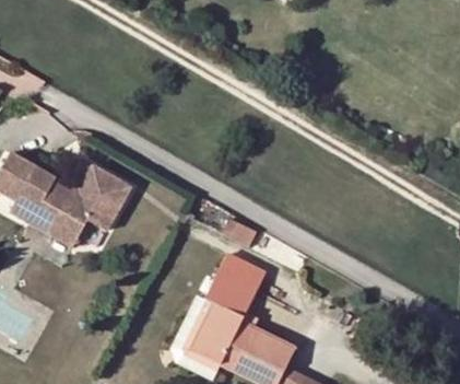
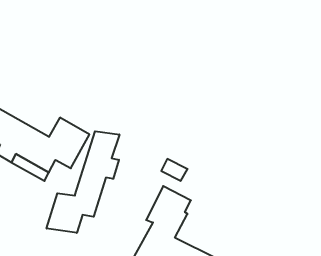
building: none -> [47,131,119,233]

